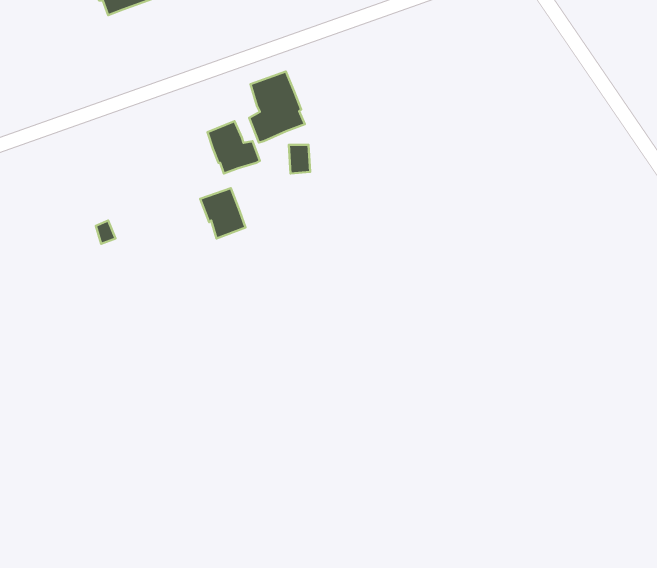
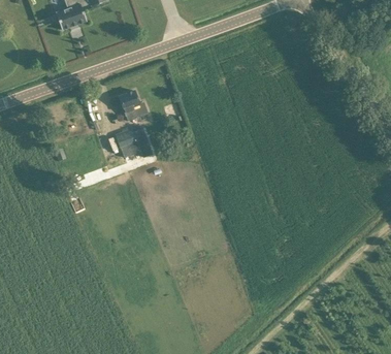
building: [249,72,305,143] -> none

